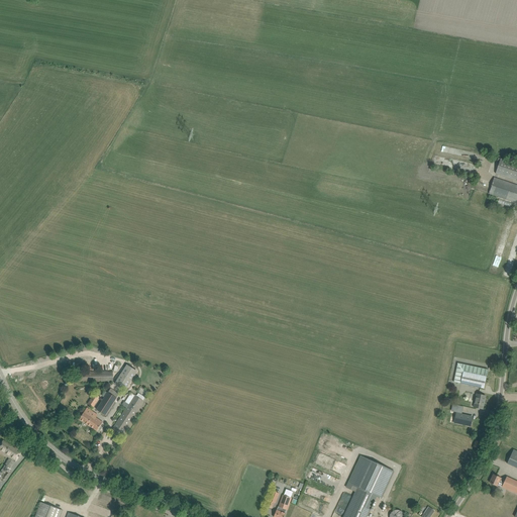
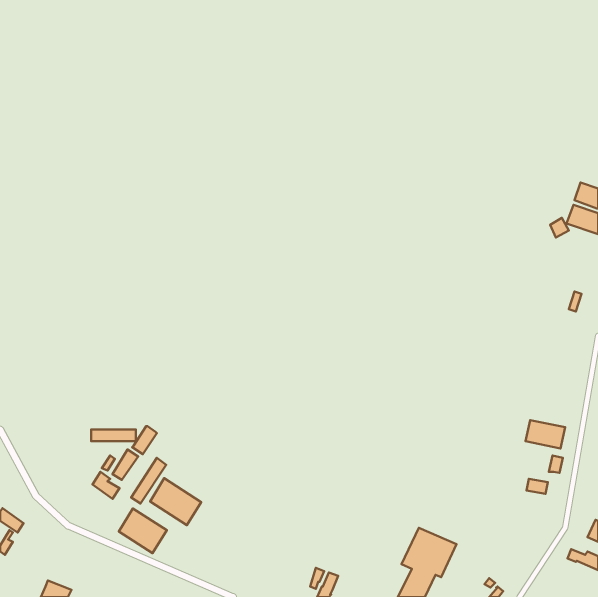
building: none -> [150,478,201,525]
building: none -> [119,508,167,553]

